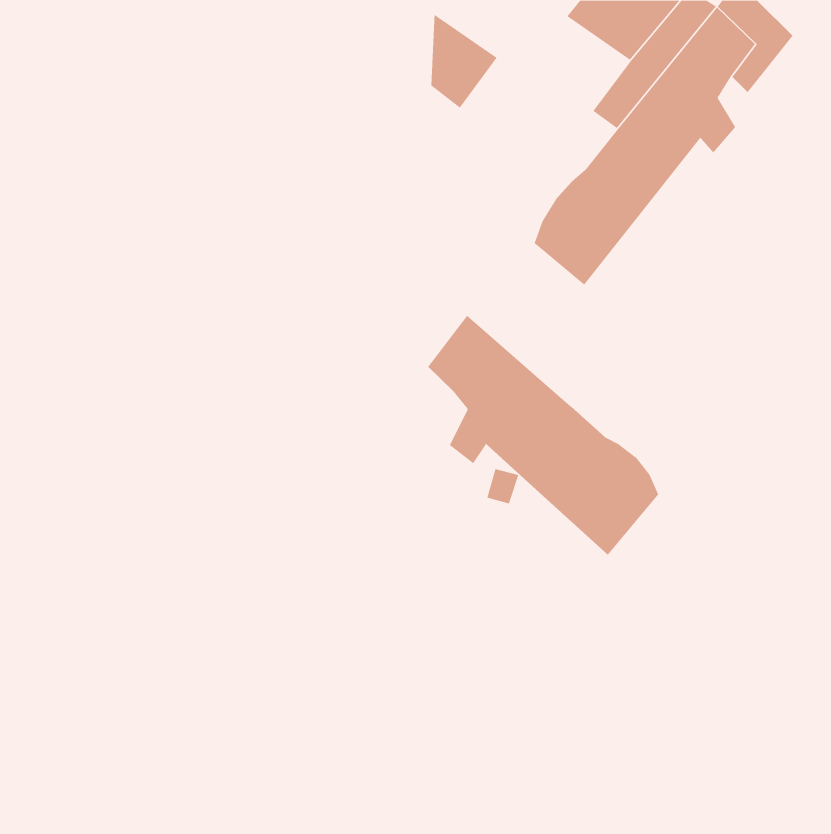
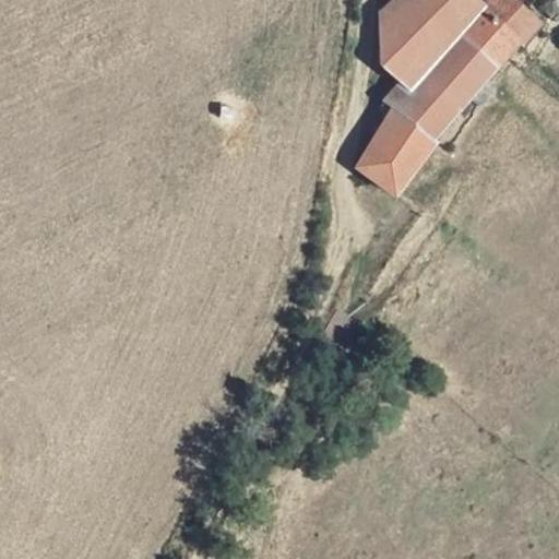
building: [431,14,498,108] -> [379,11,424,74]
building: [428,315,659,555] -> none

